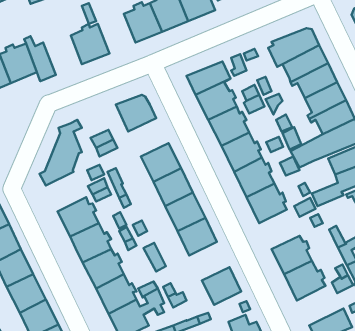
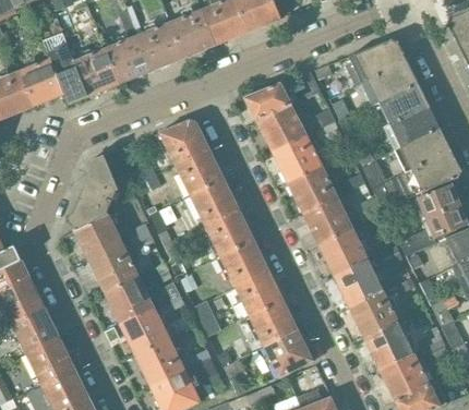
building: none -> [137,23,183,71]
building: none -> [72,49,118,97]
building: none -> [175,149,224,196]
building: none -> [74,215,123,263]
building: none -> [334,261,383,309]
building: none -> [249,300,298,347]
building: none -> [380,353,436,401]

